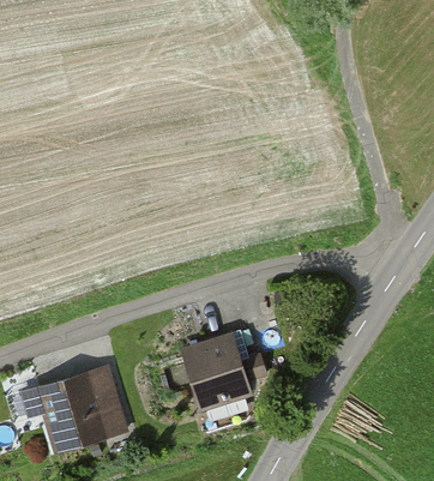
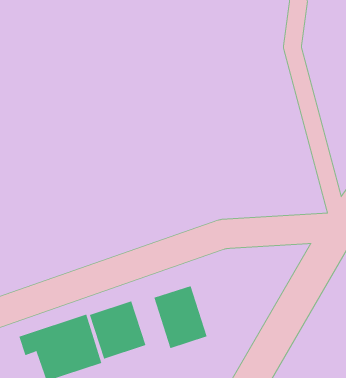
building: none -> [89,301,146,359]

